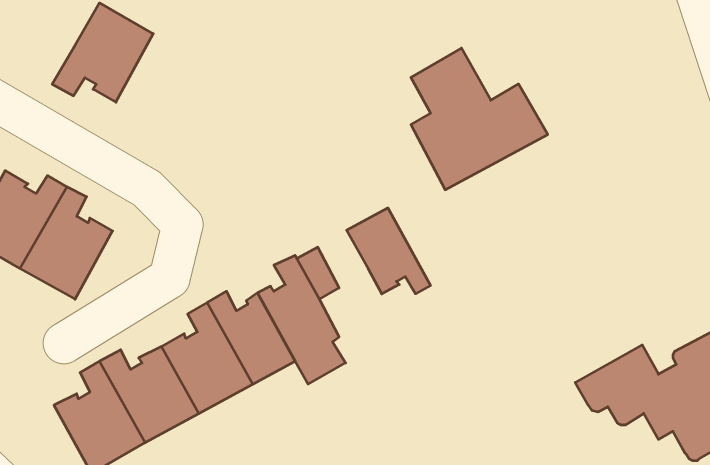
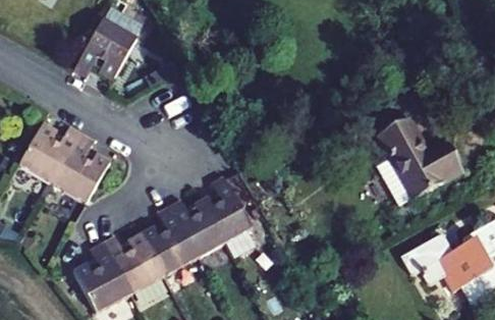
building: [411,48,548,190] -> [377,116,462,205]
building: [347,208,430,294] -> none

